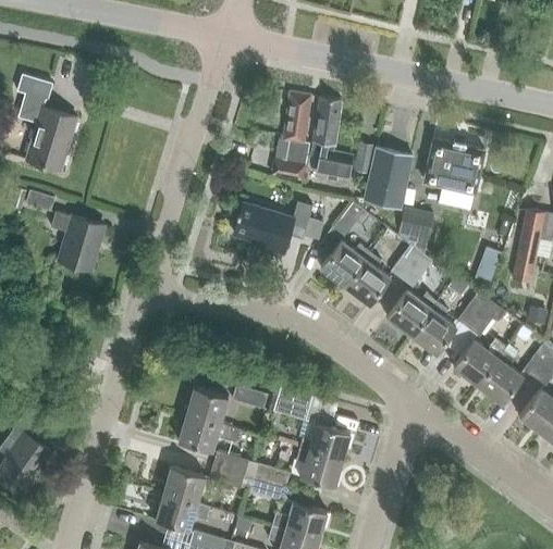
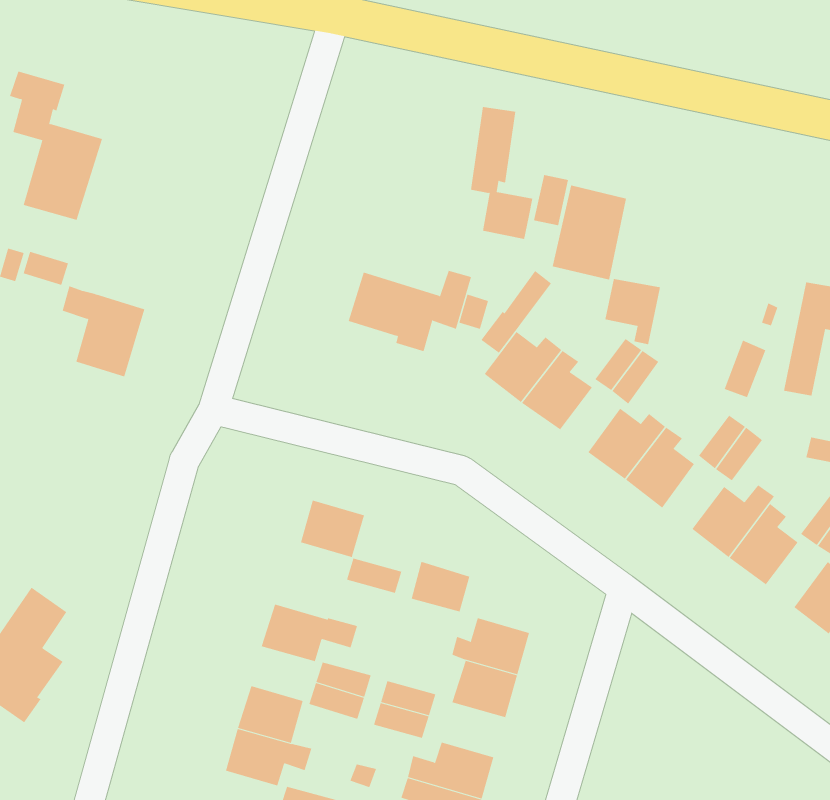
building: [270,92,310,182] -> none
building: [423,139,484,208] -> none
building: [186,388,228,425] -> [300,500,365,558]

